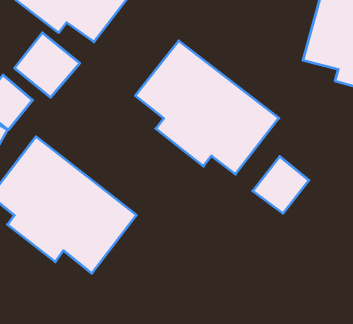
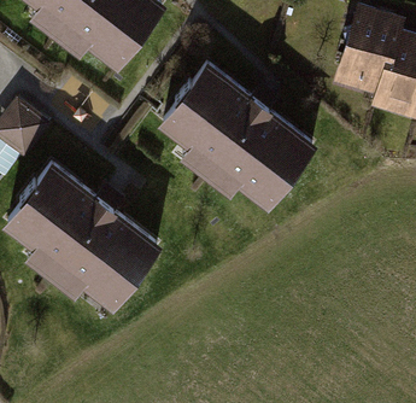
building: [15,33,80,97] -> none
building: [253,156,309,213] -> none

